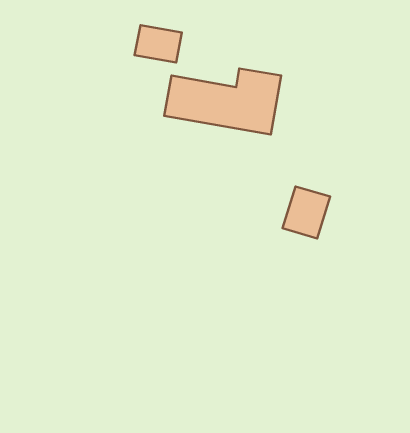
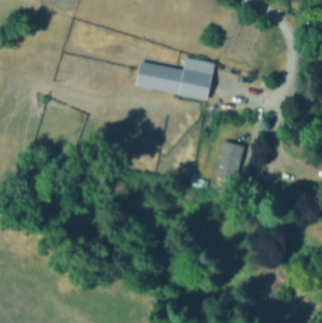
building: [135,25,182,62] -> none

